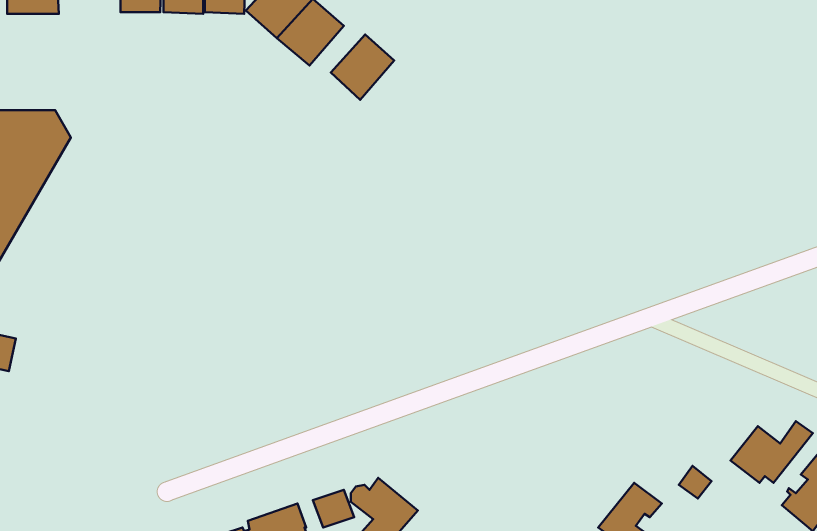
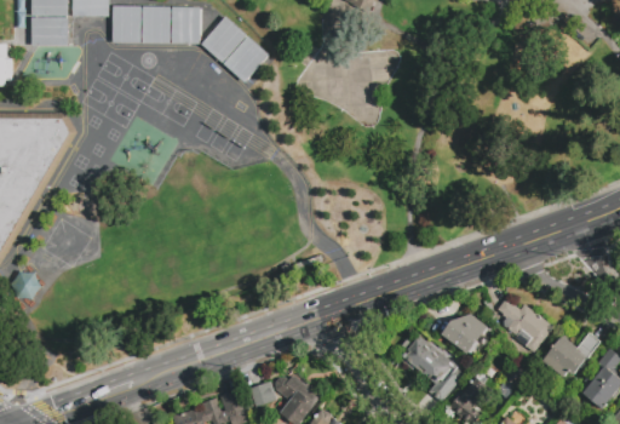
building: [331,35,394,100] -> none
building: none -> [496,299,552,353]
building: none -> [441,308,487,354]
building: none -> [397,336,461,401]

